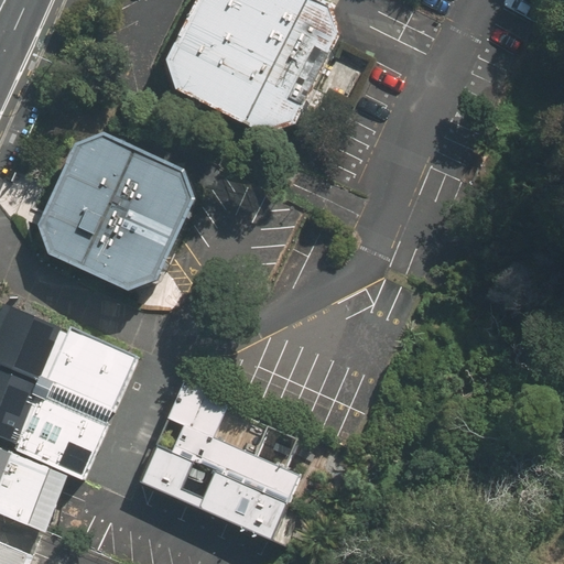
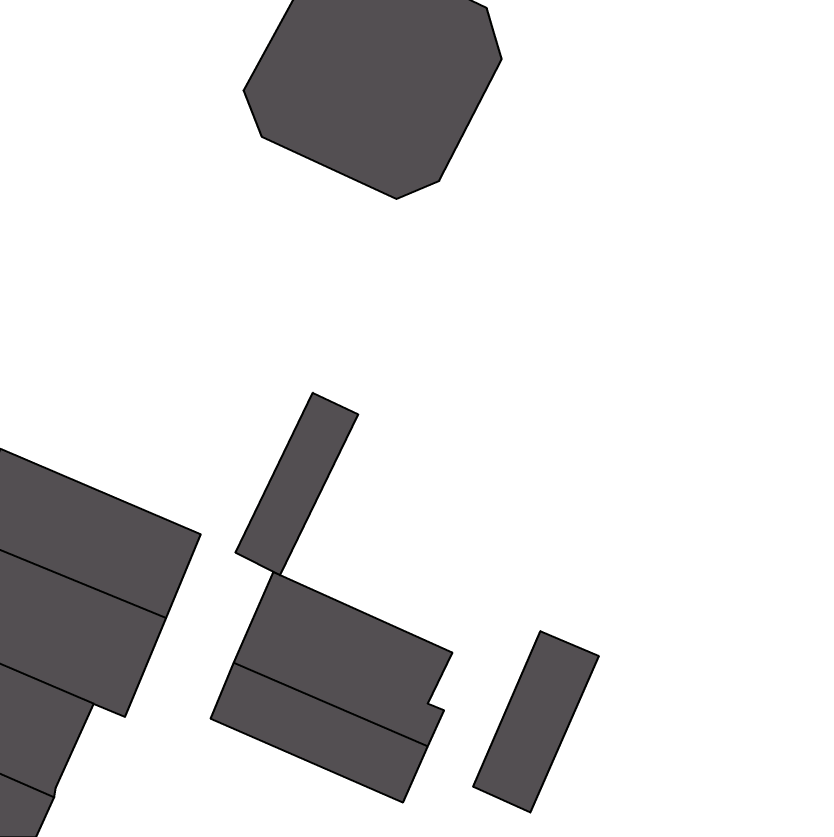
building: [35,138,195,292] -> none
building: none -> [236,393,358,575]
building: none -> [473,631,599,813]

